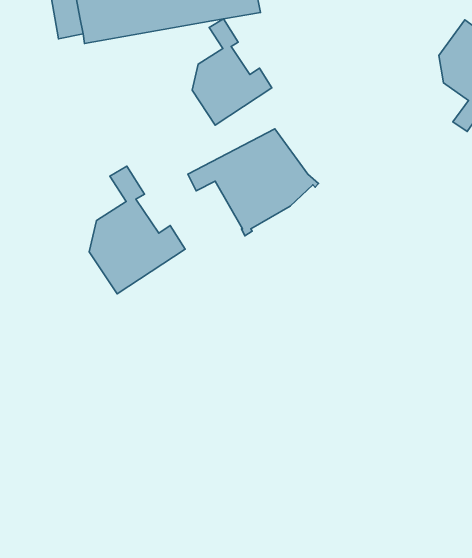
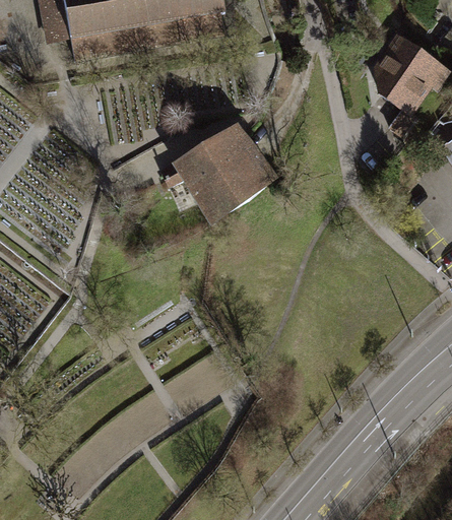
building: [192,19,272,125] -> none
building: [89,166,185,294] -> none

